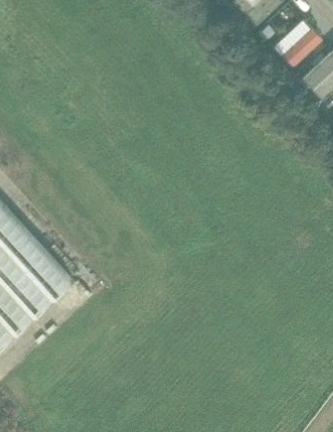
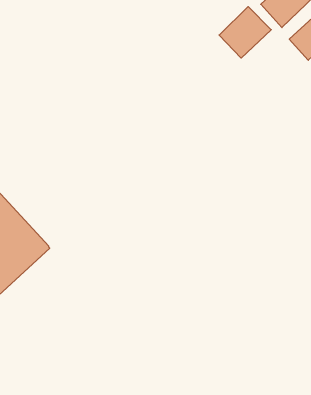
building: none -> [219,7,271,58]

